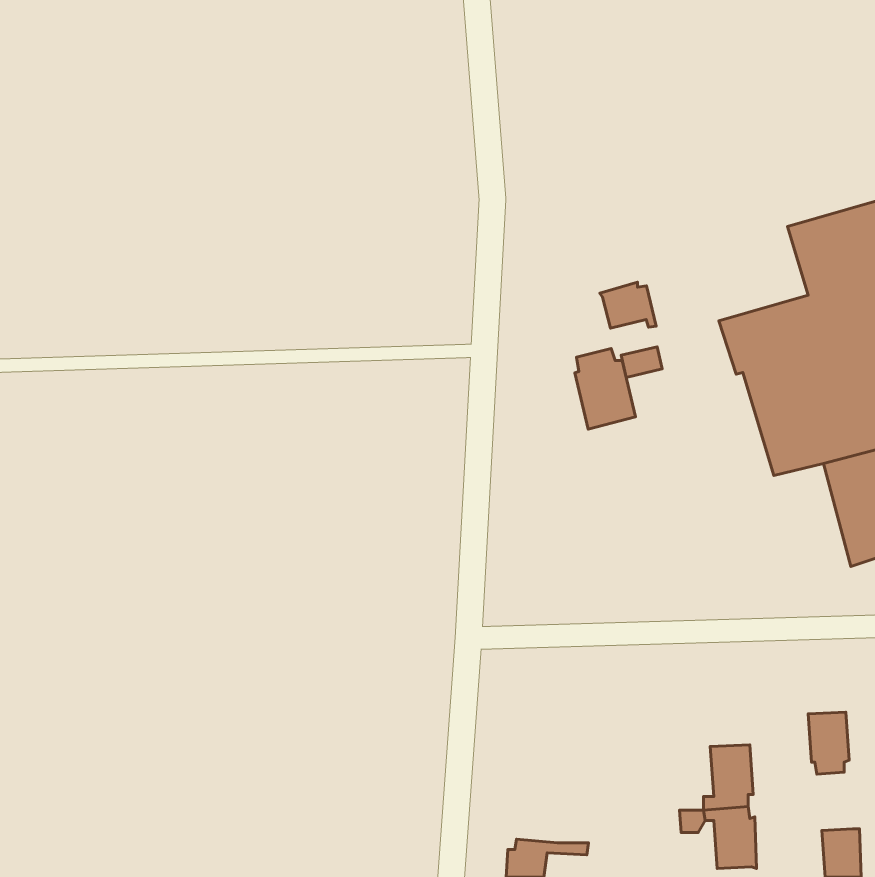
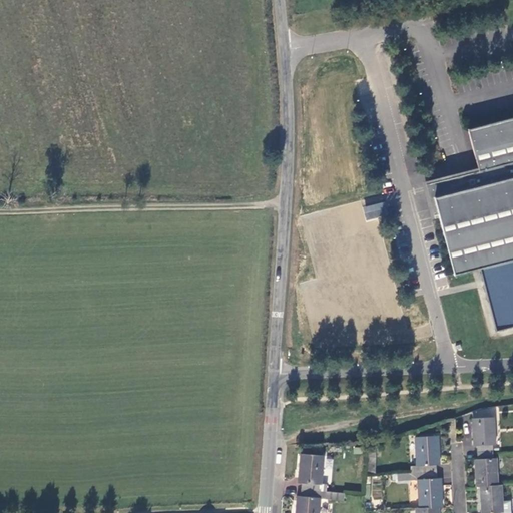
building: [600,282,656,328] -> none
building: [575,349,636,429] -> none
building: none -> [475,451,499,486]
building: none -> [299,453,328,492]

